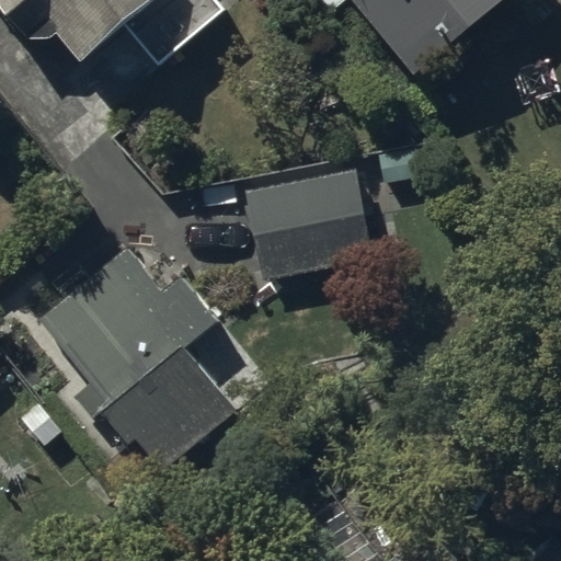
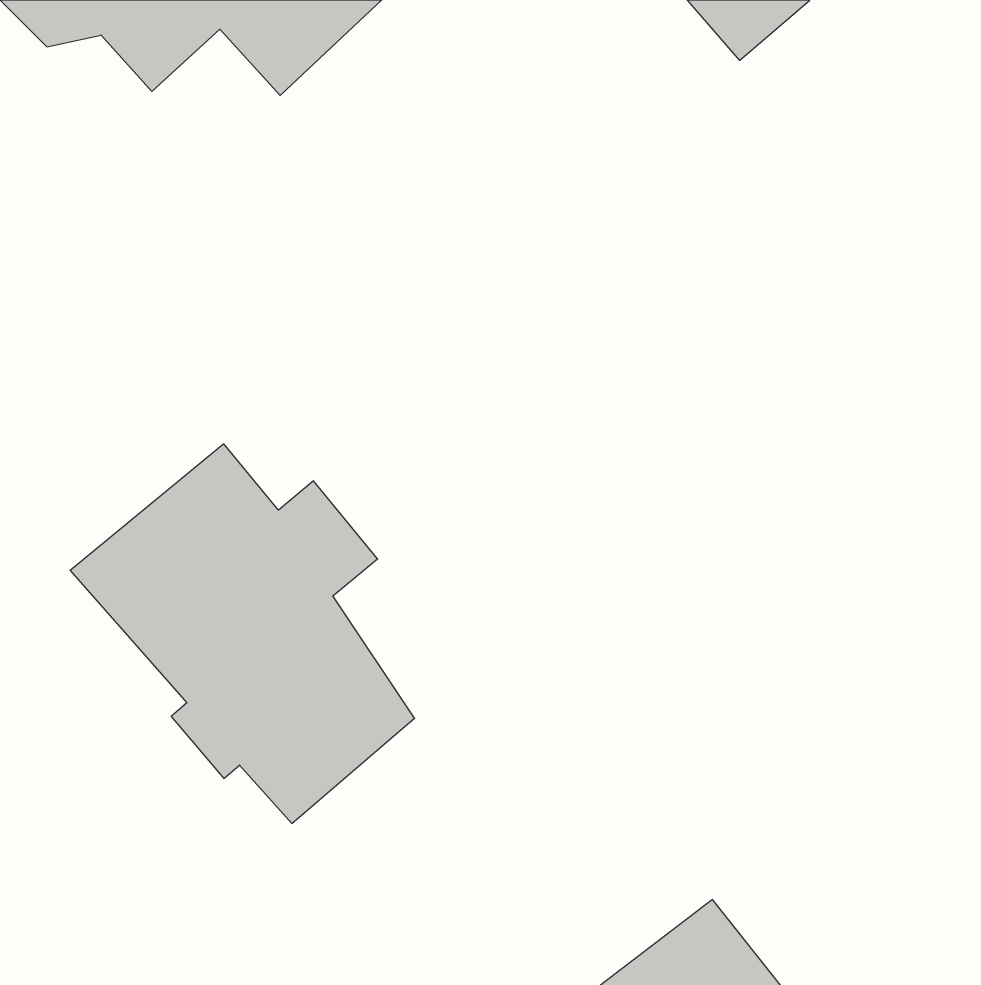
building: [241,153,371,266] -> none

